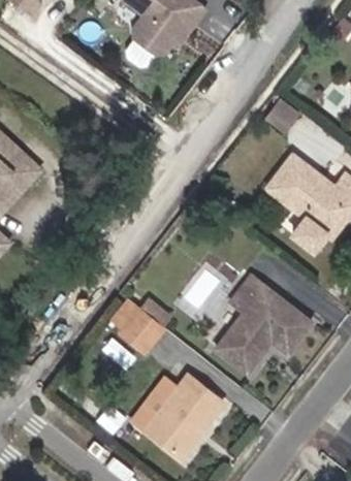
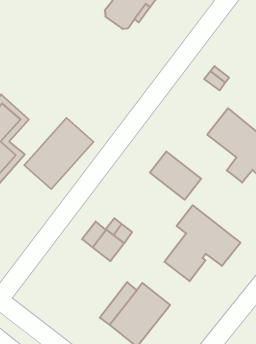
building: none -> [24,118,93,189]
building: none -> [150,151,201,200]

